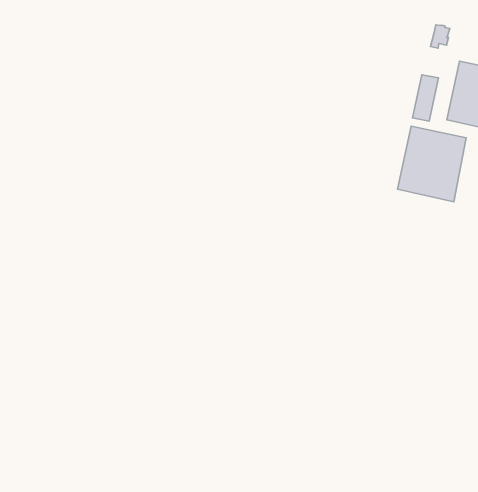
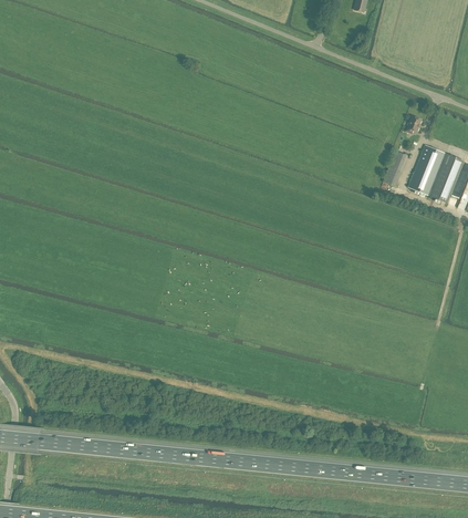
building: [397,126,466,202] -> none

